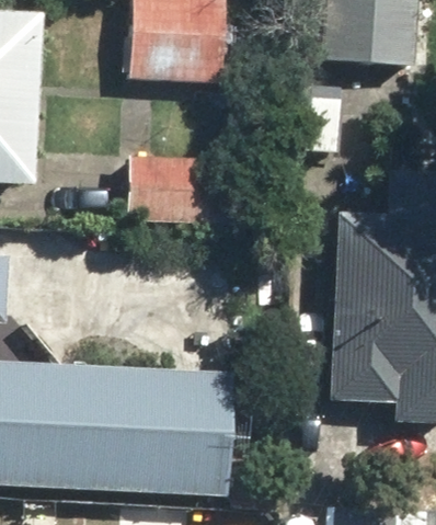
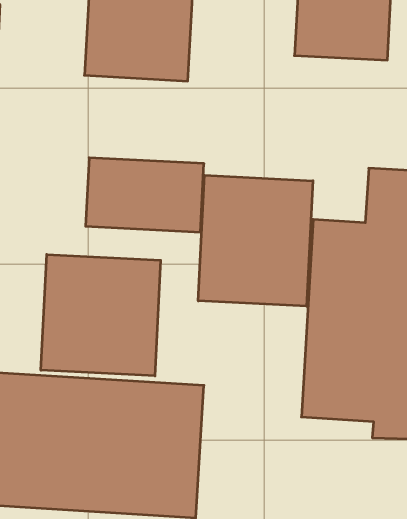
building: none -> [198,175,313,306]
building: none -> [41,254,161,376]

